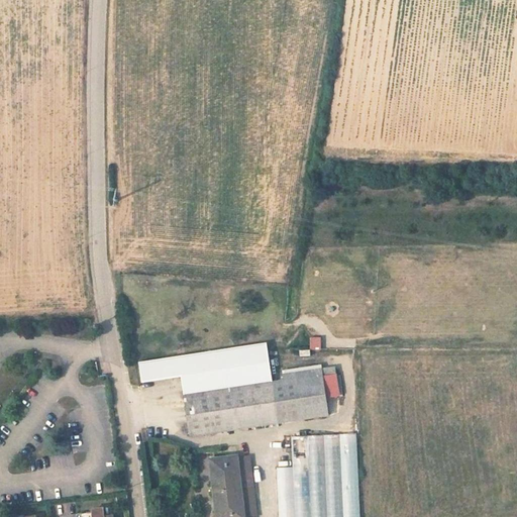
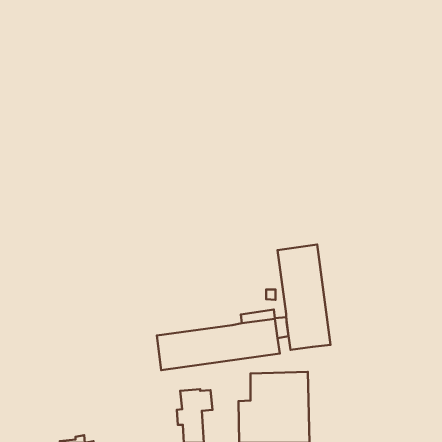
building: none -> [278,245,330,350]
building: [138,343,271,392] -> none

